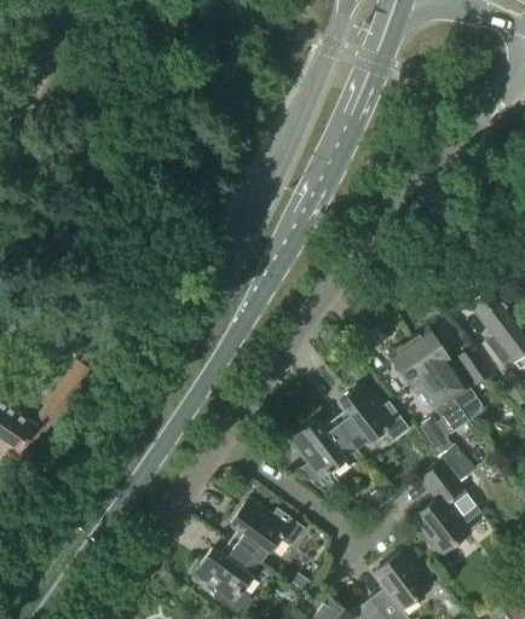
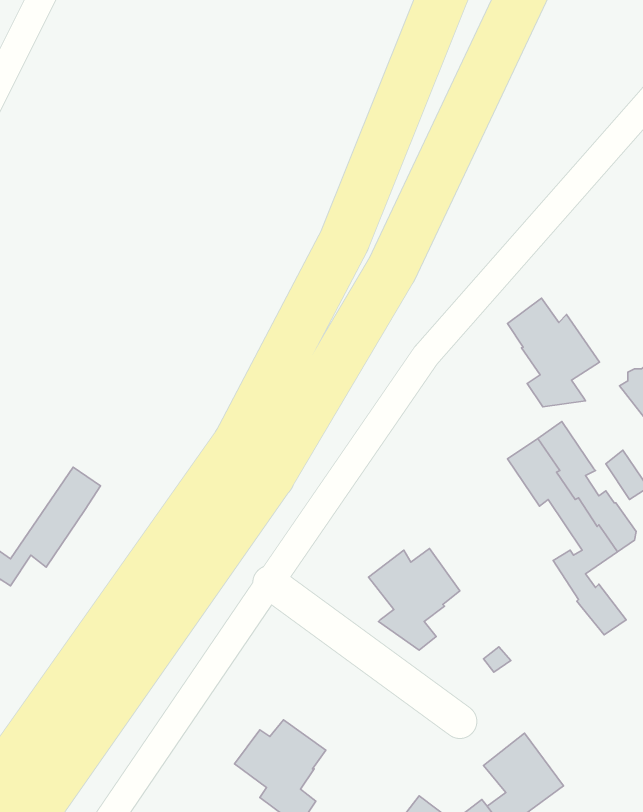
building: none -> [508,298,599,407]
building: [334,383,410,450] -> none
building: [412,462,471,555] -> none
building: [230,498,305,563] -> none

